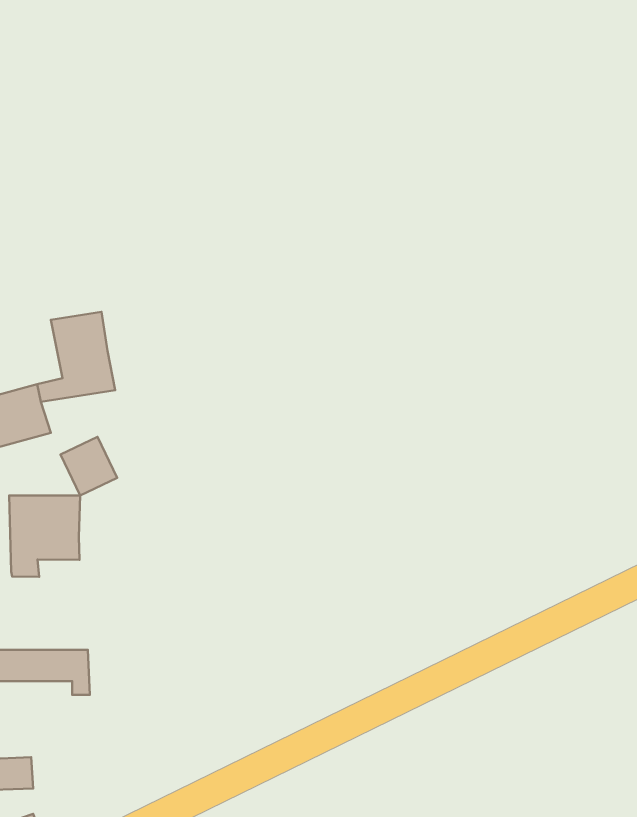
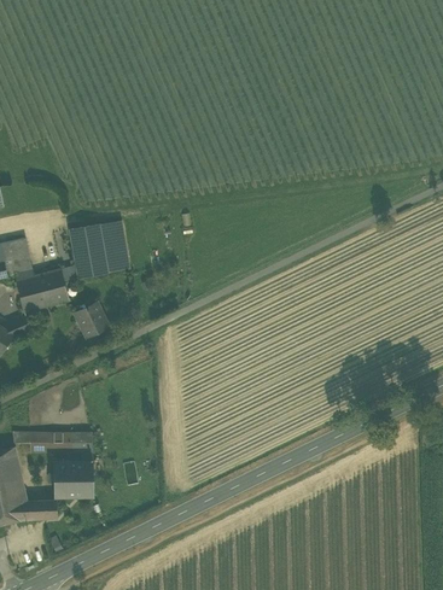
building: none -> [100,221,130,273]
building: [9,495,80,577] -> none
building: none -> [53,461,94,497]

